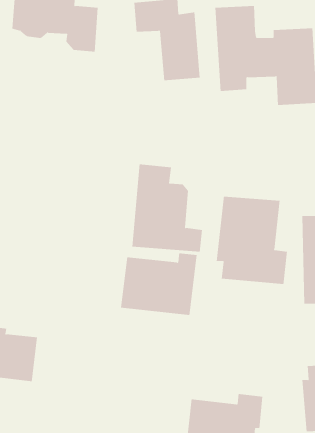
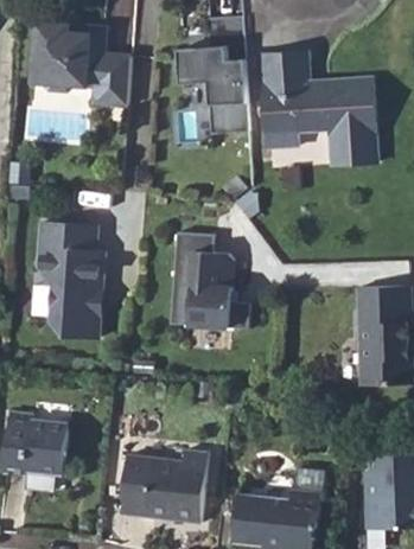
building: none -> [40,219,106,337]
building: [216,196,287,285] -> none
building: [120,253,198,315] -> [114,449,200,519]

